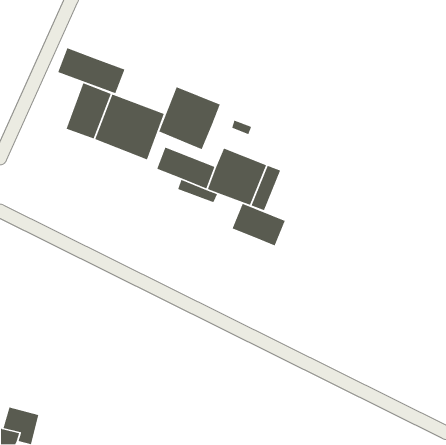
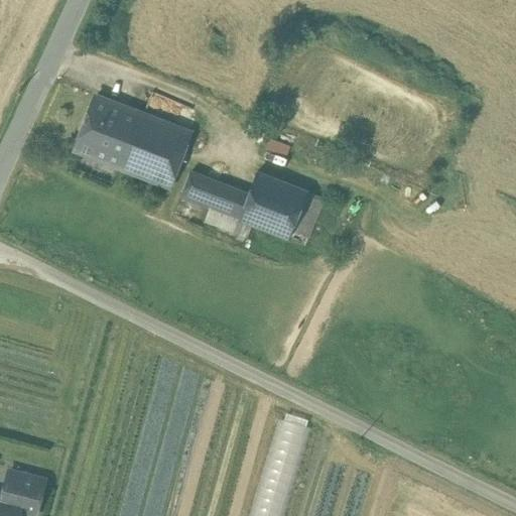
building: [57,47,125,94] -> none
building: [158,86,221,150] -> none
building: [232,203,286,247] -> none

